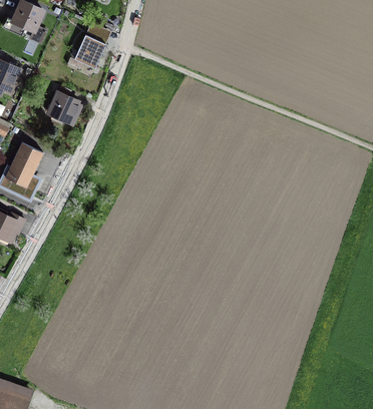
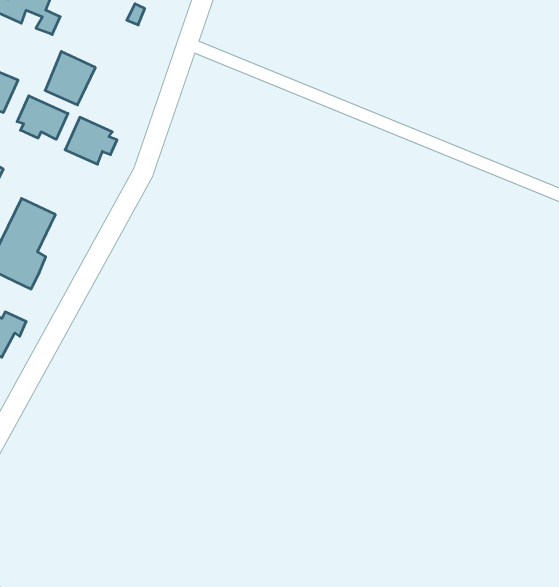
building: [74,34,105,67] -> [45,51,95,105]
building: none -> [17,96,68,139]

